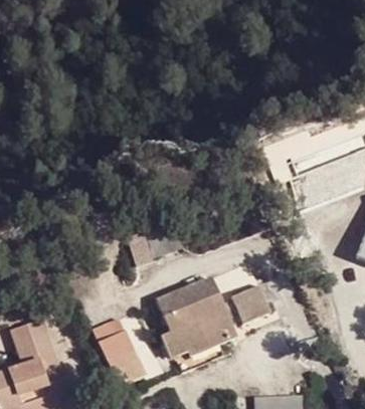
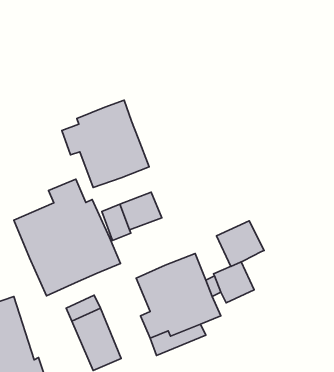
building: none -> [62,100,149,187]
building: none -> [14,179,121,296]
building: none -> [217,221,264,266]

